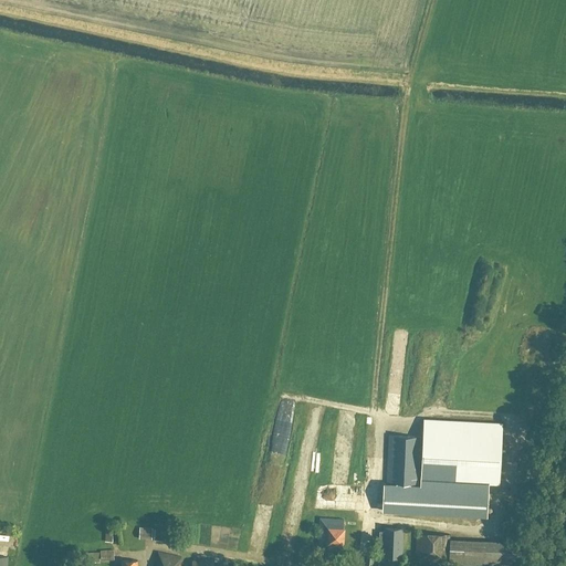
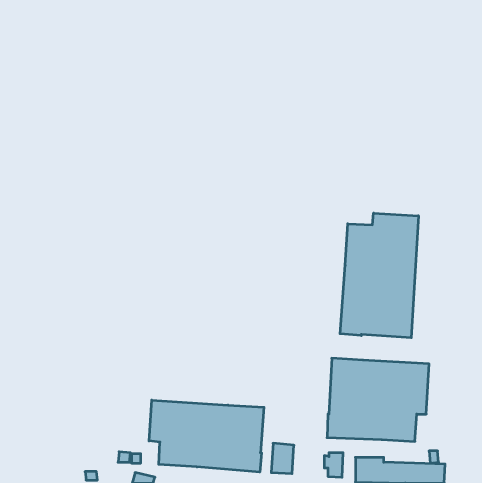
building: none -> [340,213,418,338]
building: none -> [149,400,264,472]

